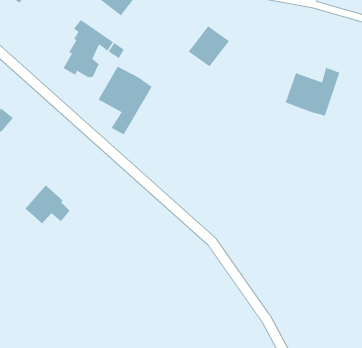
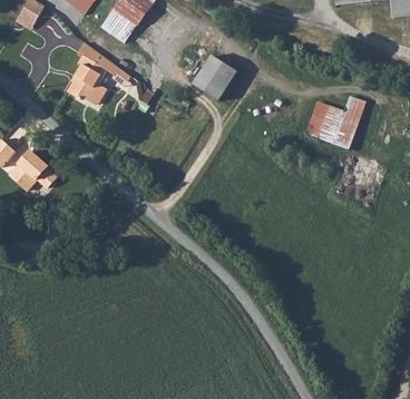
building: [98,66,153,135] -> none
building: [25,185,70,224] -> [9,146,58,188]

